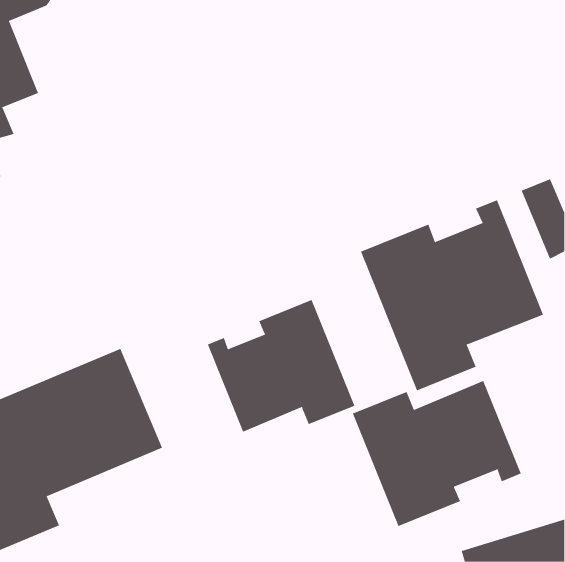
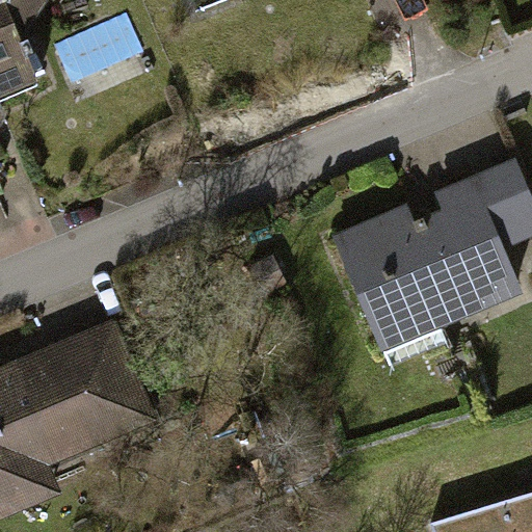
building: [207,299,355,432] -> none
building: [352,380,522,527] -> none

